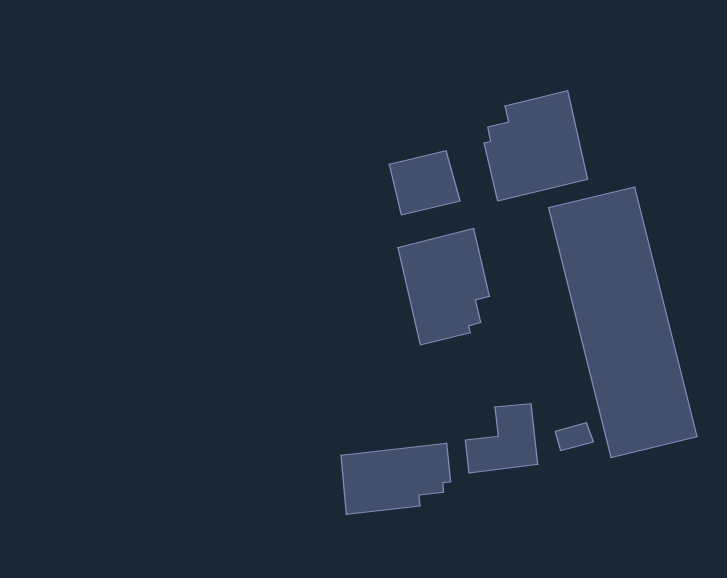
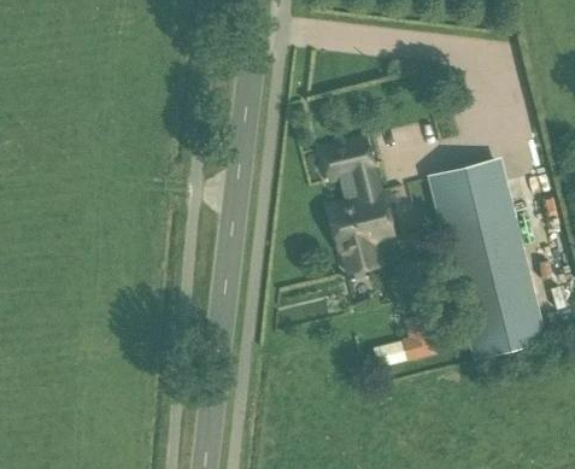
building: [484,91,588,201] -> none
building: [341,443,450,515] -> none

